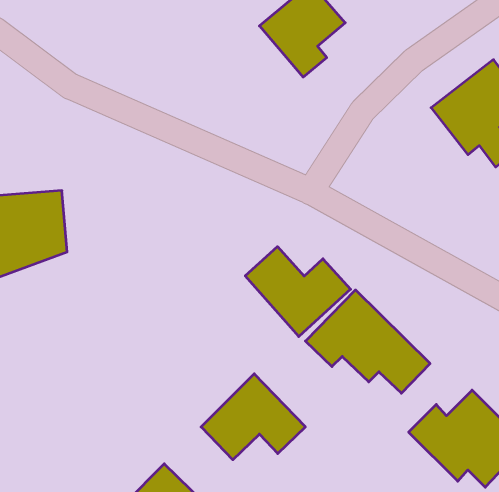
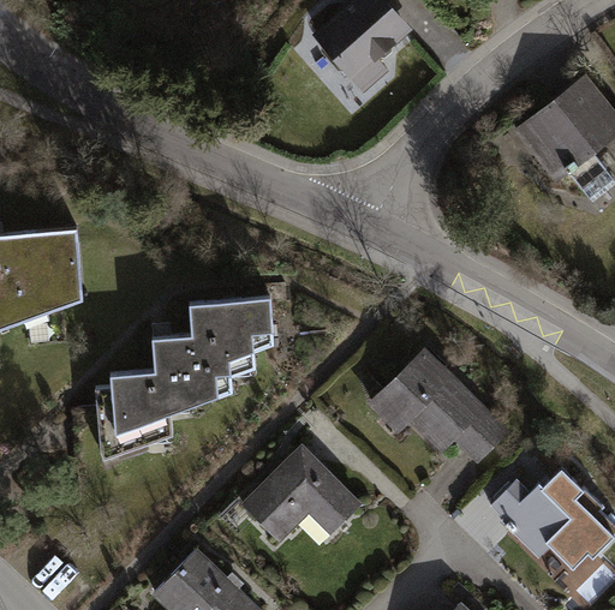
building: [245,247,351,337] -> none
building: none -> [96,294,276,462]

